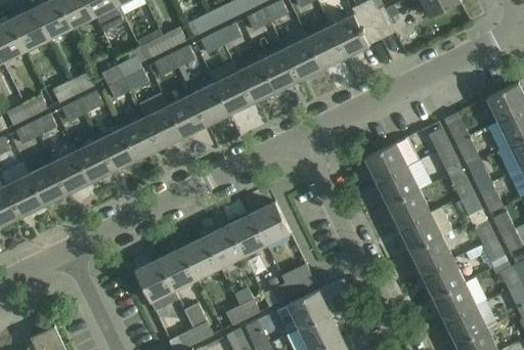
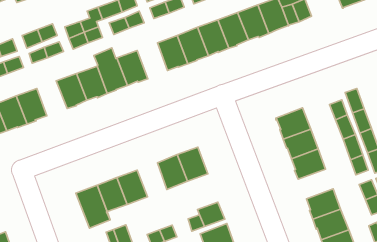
building: [190,82,229,126] -> none
building: [75,139,114,182] -> none
building: [398,213,451,251] -> none
building: [205,225,243,267] -> none

